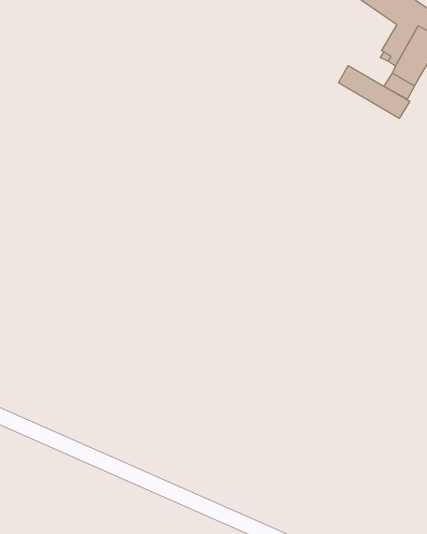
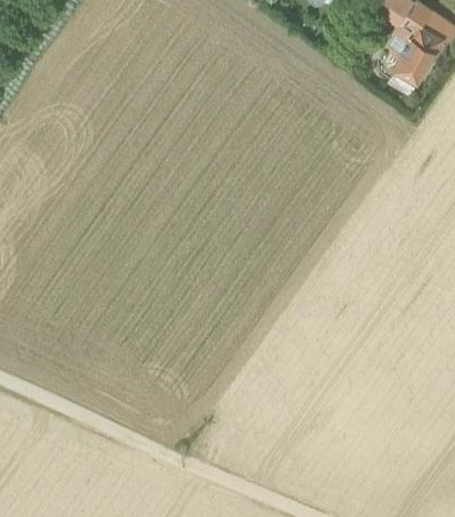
building: [339,66,410,118] -> none

